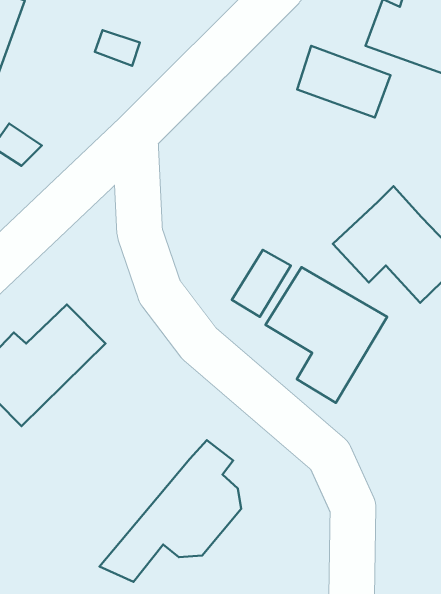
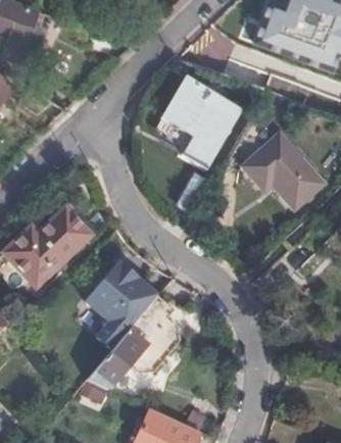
building: [266,267,387,403] -> [159,80,239,168]
building: none -> [86,269,157,335]

